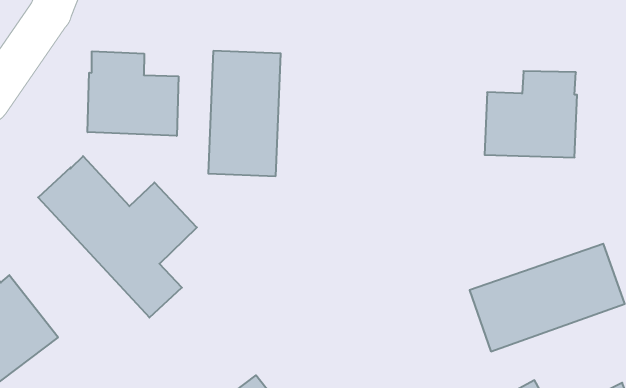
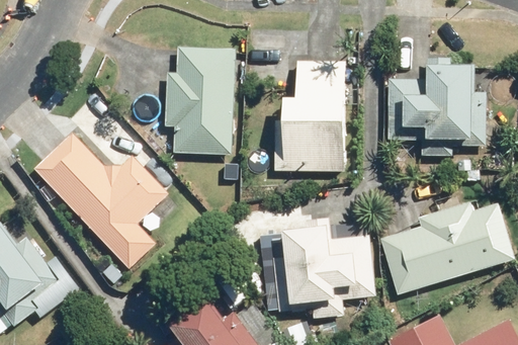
building: [88,51,178,136] -> none
building: none -> [287,66,341,167]
building: none -> [279,229,372,301]

